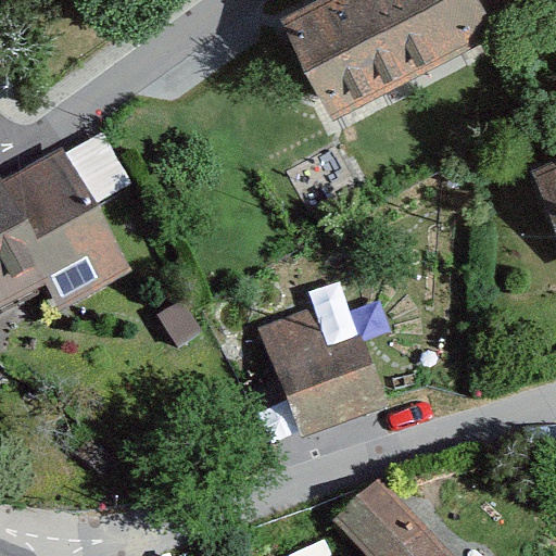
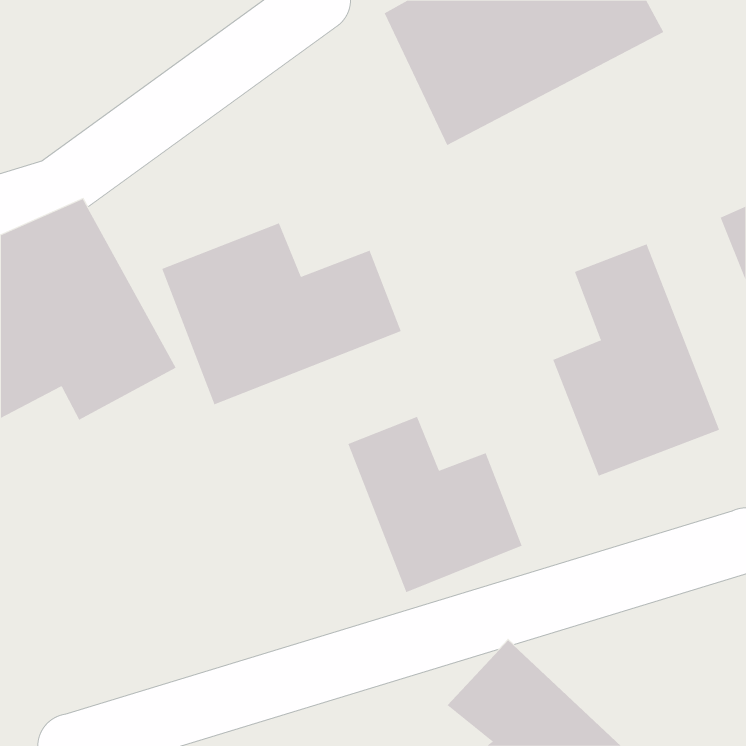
building: none -> [162,222,401,405]
building: none -> [553,243,720,477]

